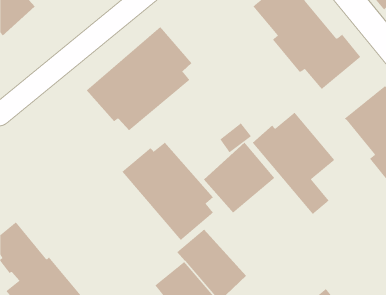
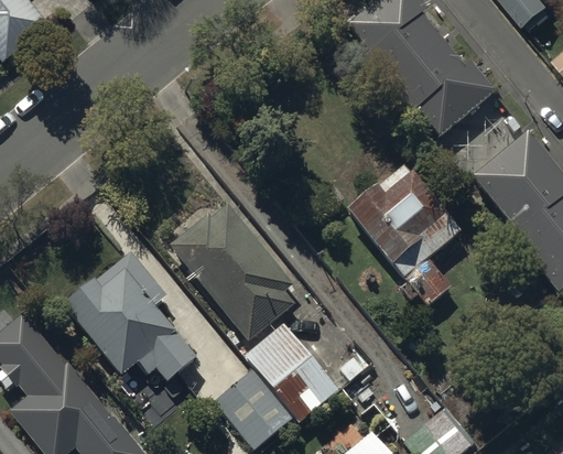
building: [86,26,192,131] -> none
building: [203,142,275,213] -> none
building: none -> [61,251,195,382]

